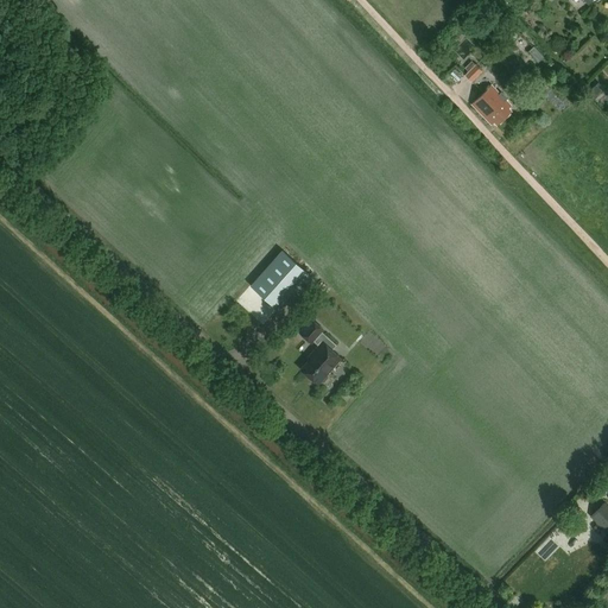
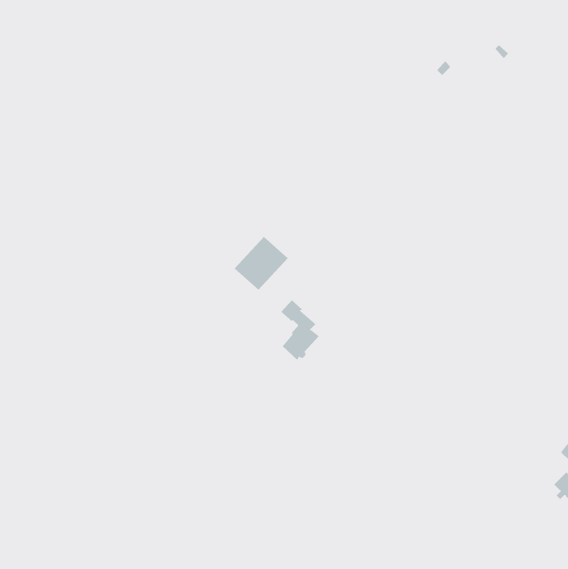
building: [473,86,512,125] -> none

